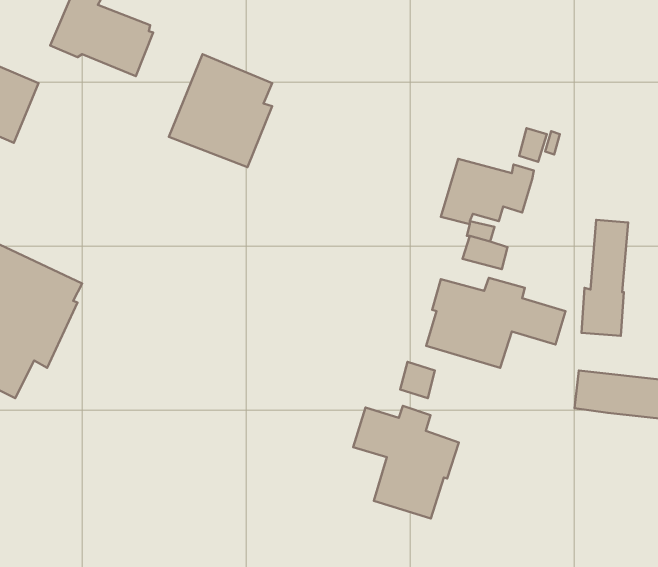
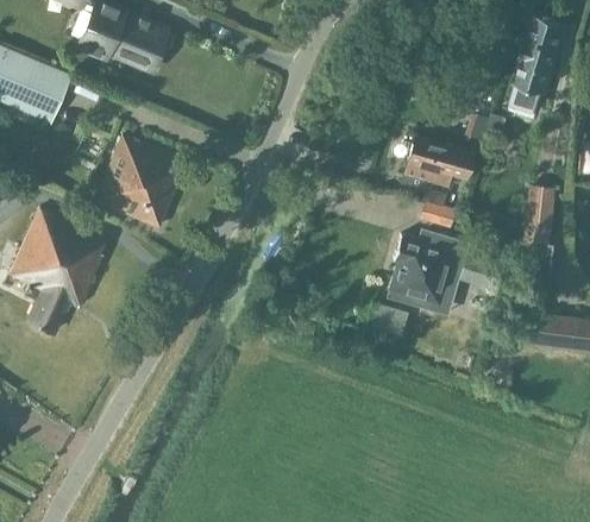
building: none -> [509,19,565,113]
building: [169,54,272,167] -> [95,134,180,227]
building: [353,406,459,519] -> none

